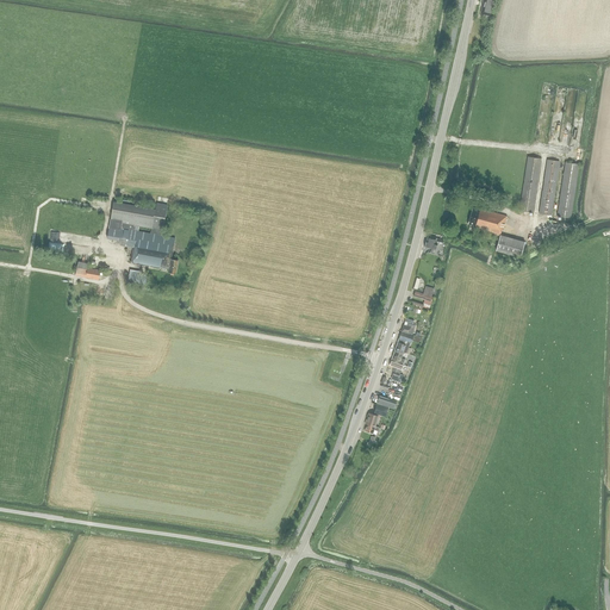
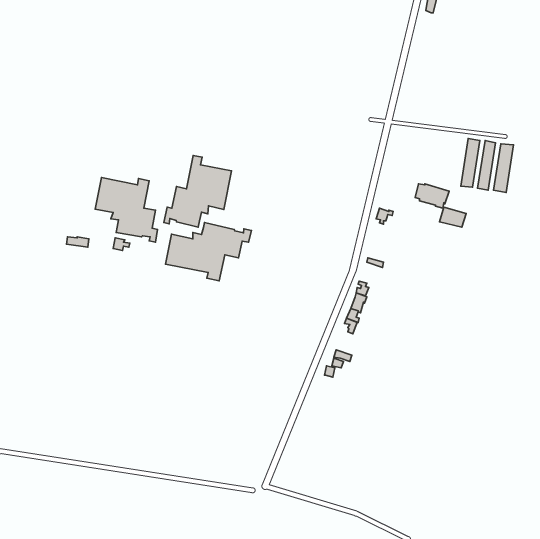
building: none -> [164,155,232,227]
building: none -> [166,223,251,281]

